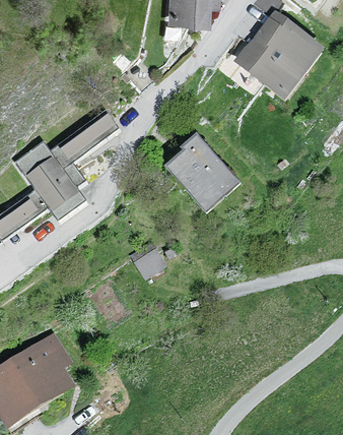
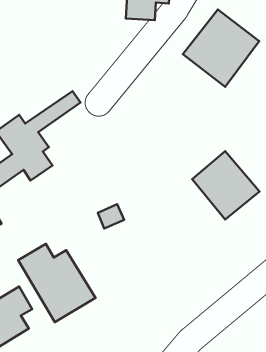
building: [168,141,247,221] -> [192,151,259,220]
building: none -> [18,244,96,322]

